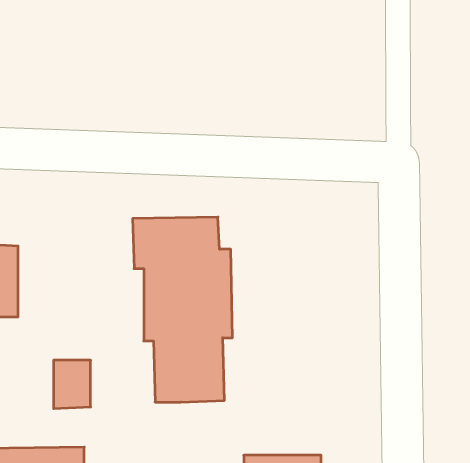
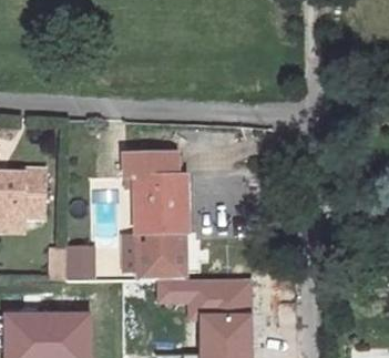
building: none -> [155,276,252,315]

